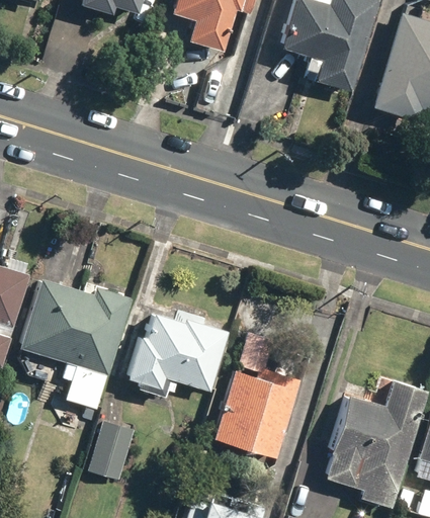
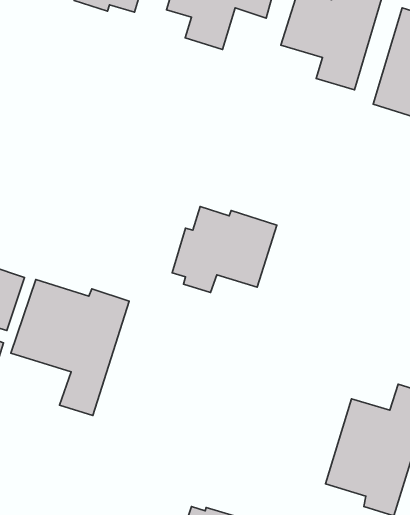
building: [126,313,229,397] -> [172,206,277,292]
building: [212,330,300,457] -> none
building: [88,420,134,480] -> none

